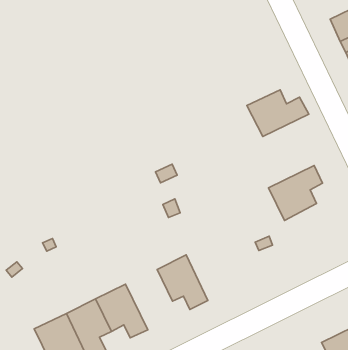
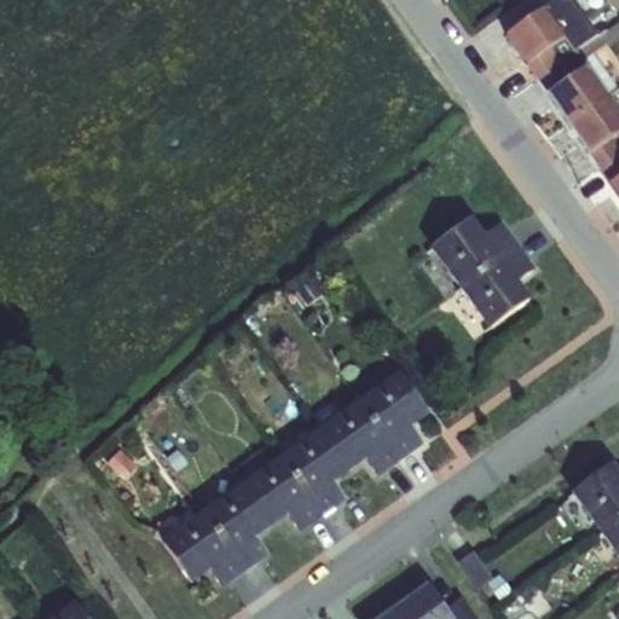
building: [247,90,309,137] -> [429,214,519,284]
building: none -> [359,369,429,457]
building: none -> [280,426,351,513]

